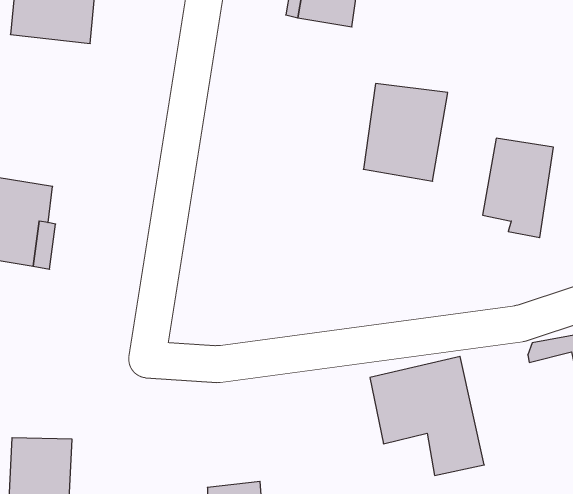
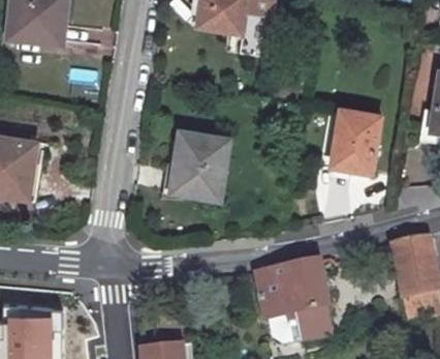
building: [363,84,448,181] -> [172,131,230,199]

